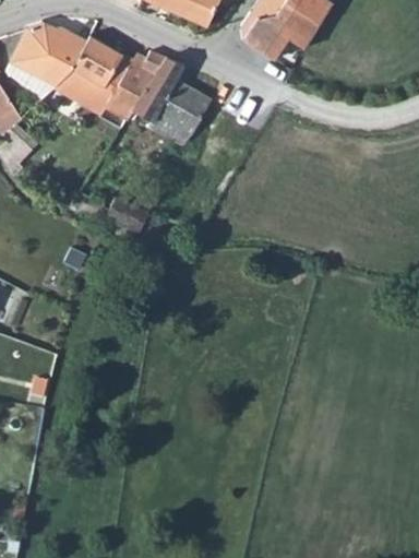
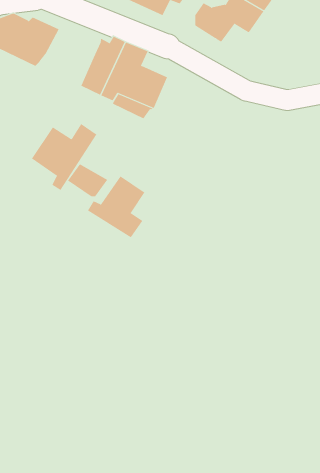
building: [75,36,136,106] -> none
building: none -> [31,123,97,191]
building: none -> [87,175,145,238]

